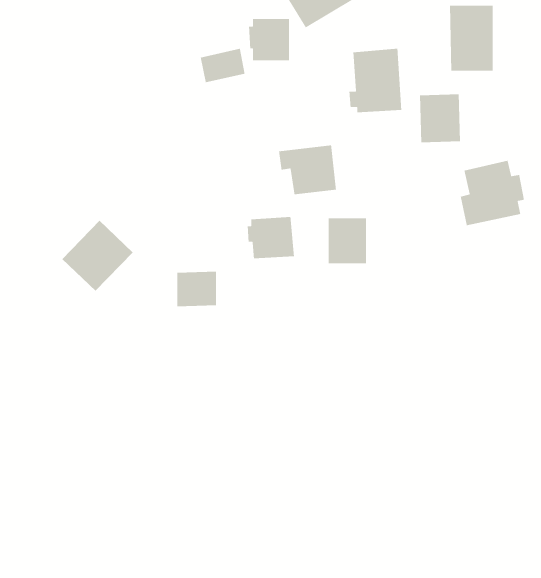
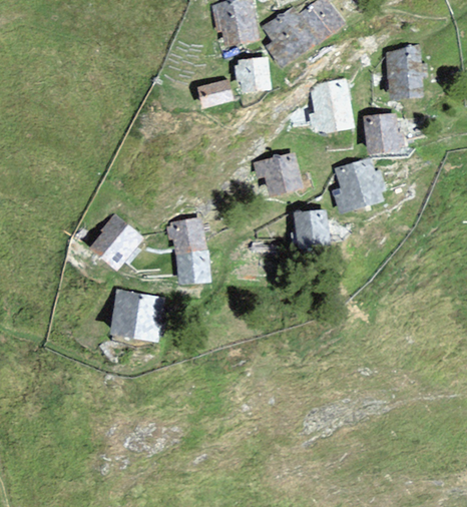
building: [460,160,525,226] -> [333,160,383,211]
building: [247,216,295,259] -> [169,218,206,251]
building: none -> [107,287,165,345]

